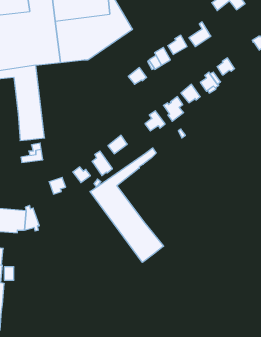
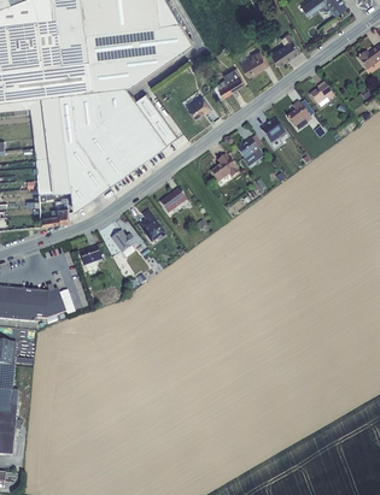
building: none -> [60,83,179,208]
building: [90,148,164,262] -> none

